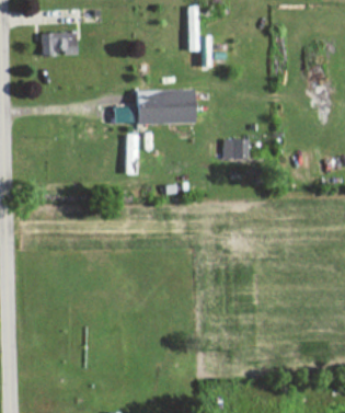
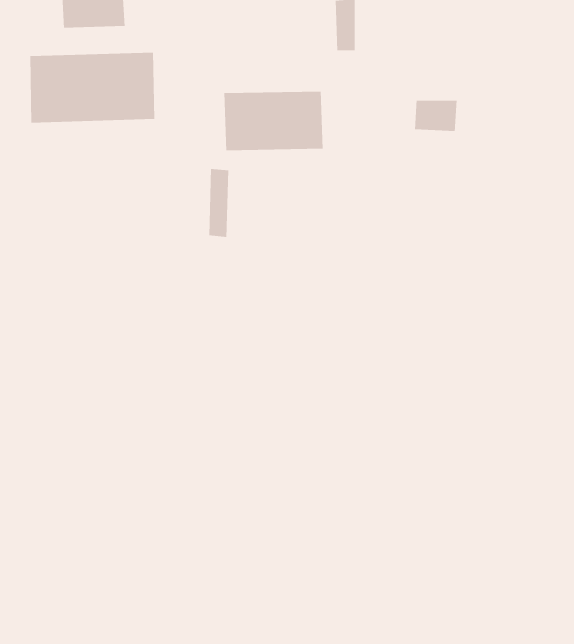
building: none -> [29,52,155,123]
building: [223,139,249,158] -> [414,100,457,132]

